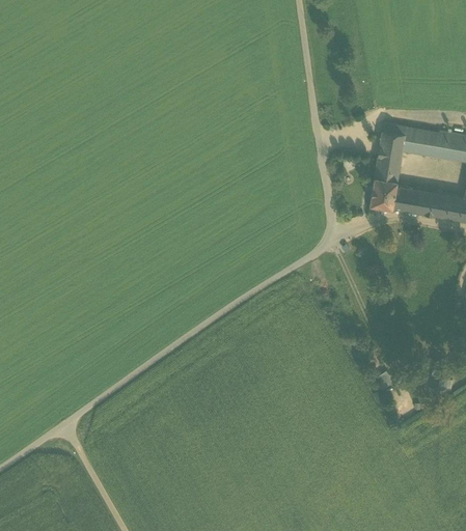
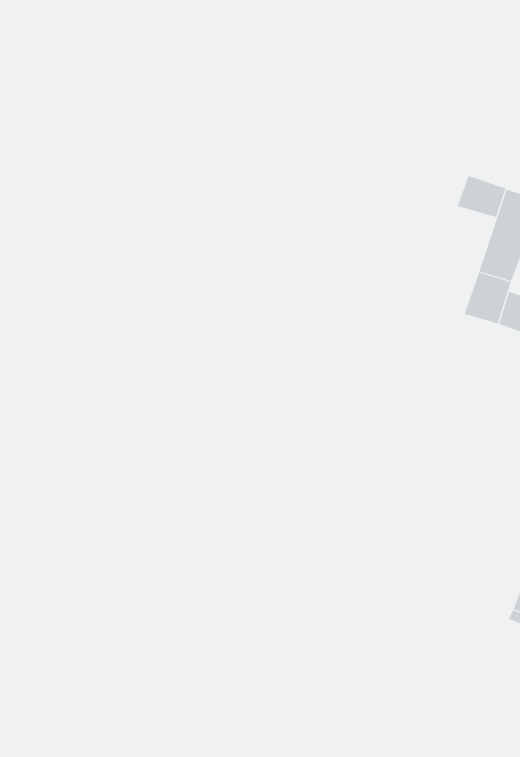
building: none -> [457,175,506,218]

